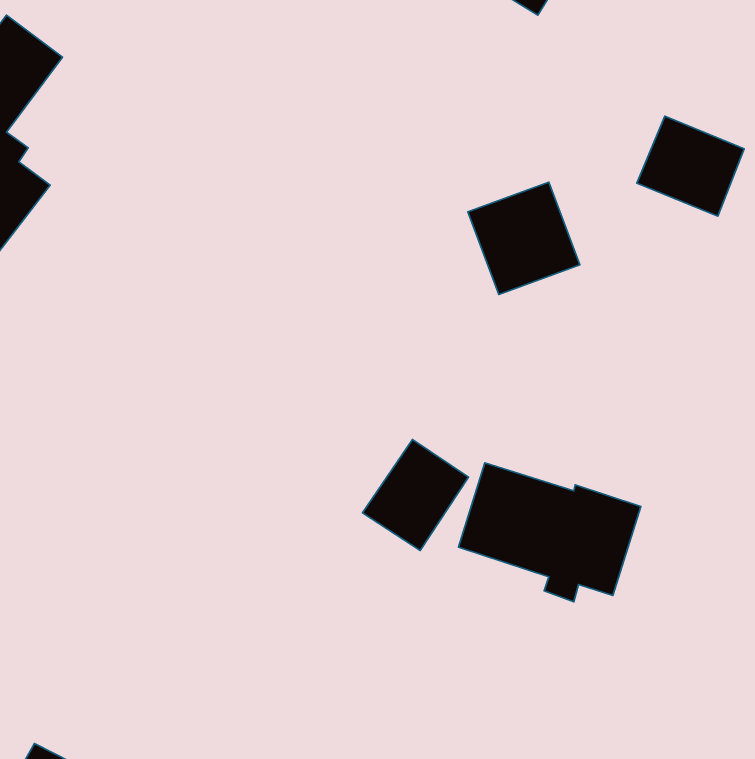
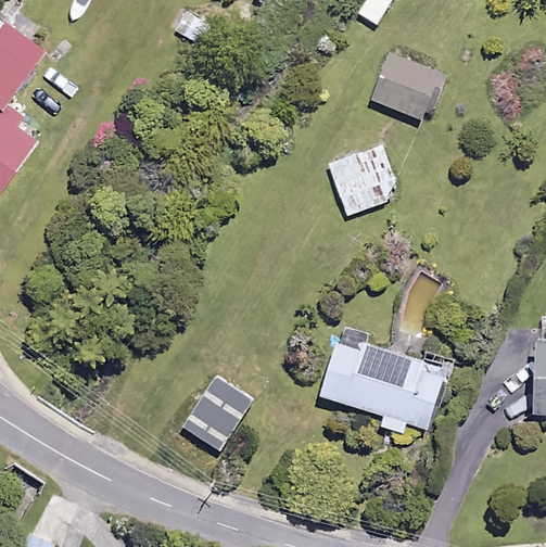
building: [637,116,744,216] -> [371,52,446,122]
building: [363,440,469,550] -> [178,374,252,451]

